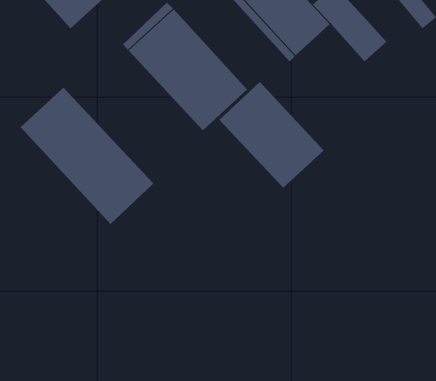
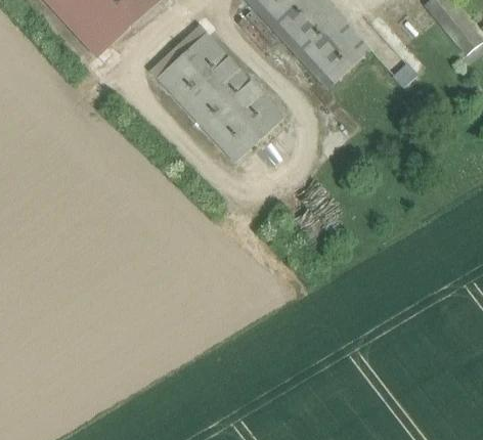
building: [219,81,324,189] -> none
building: [20,87,154,225] -> none

